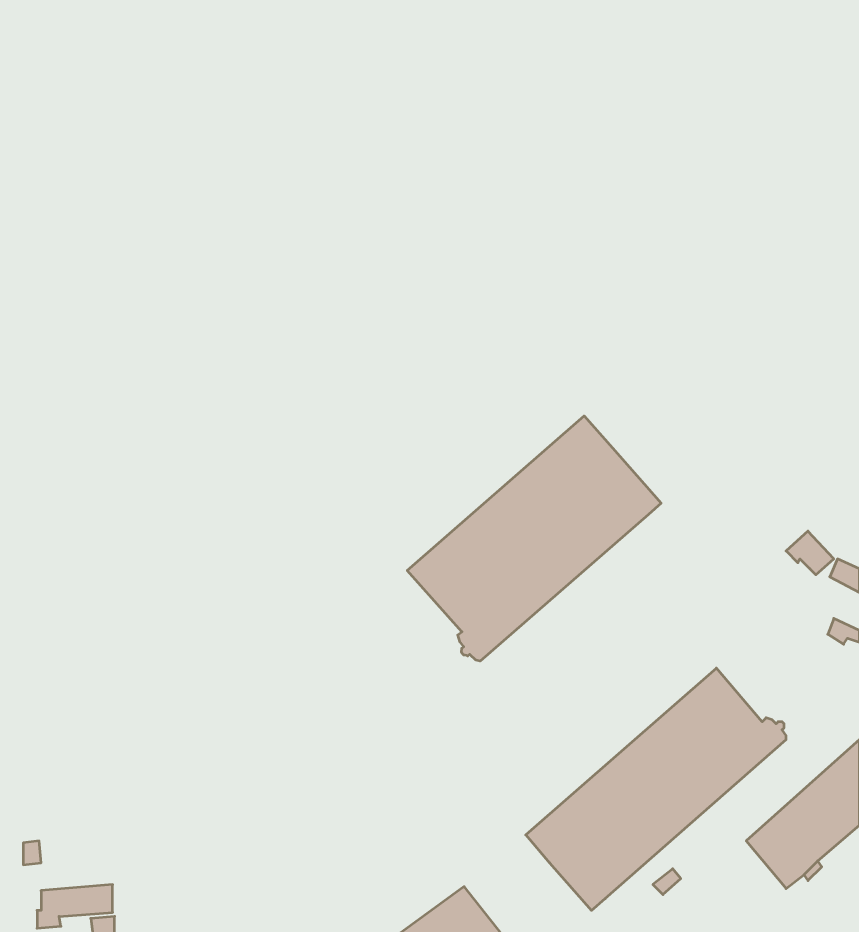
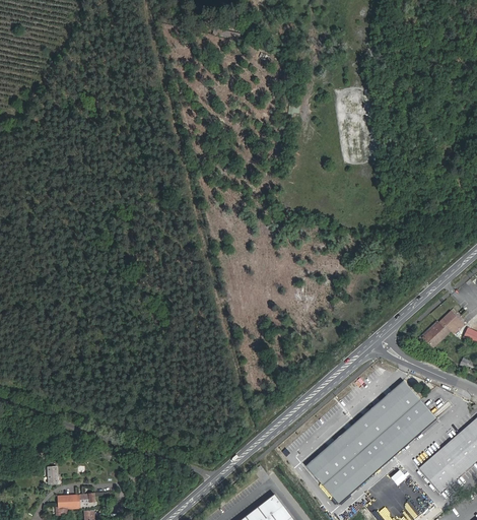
building: [407,416,661,661] -> none
building: none -> [419,319,451,348]

